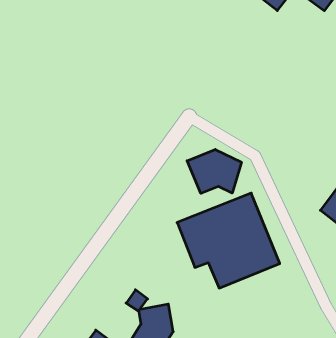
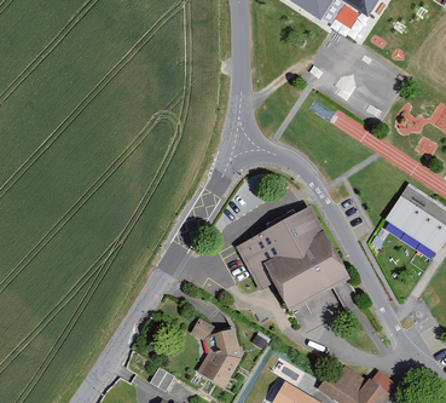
building: [187,149,241,193] -> none

